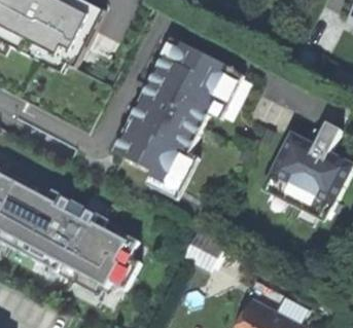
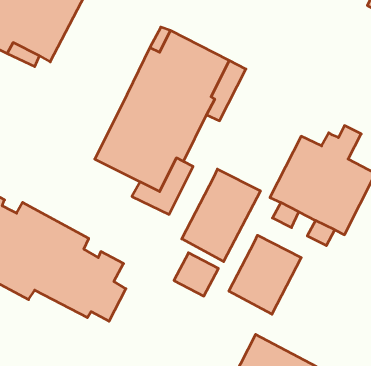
building: none -> [182,169,260,262]
building: none -> [229,235,301,314]

